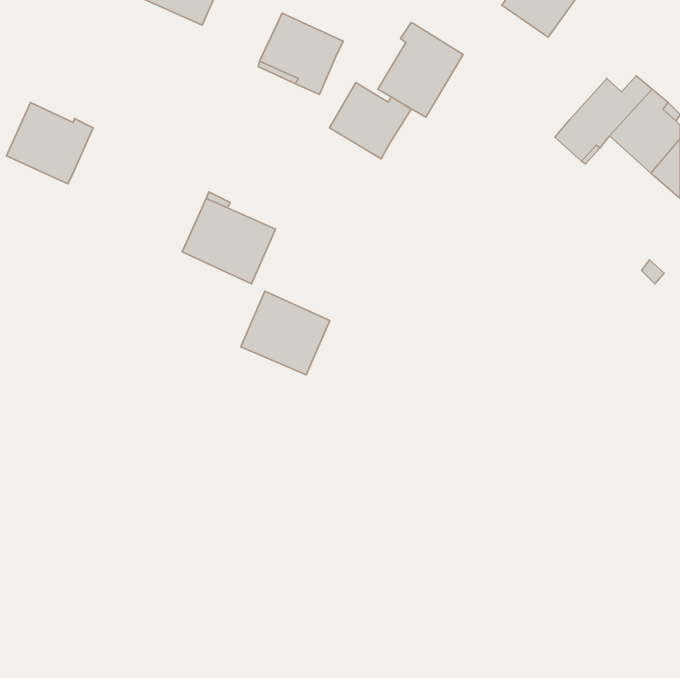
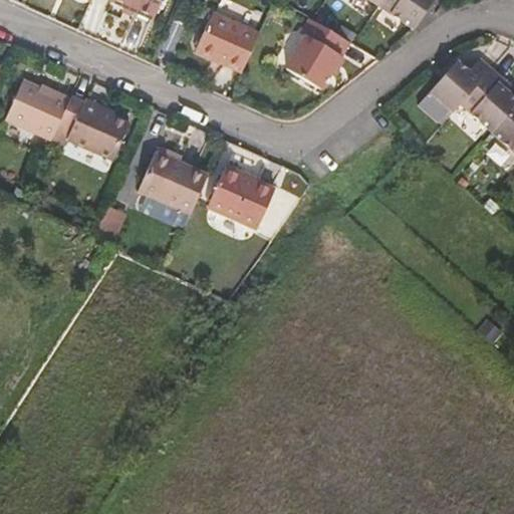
building: [329,82,411,159] -> none
building: none -> [52,93,130,159]
building: [241,291,330,375] -> [207,165,274,228]

